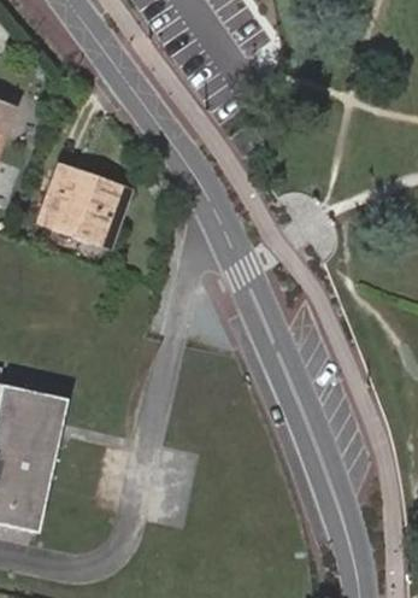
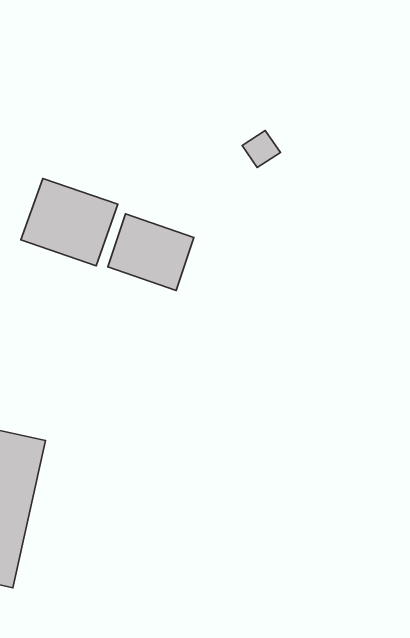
building: none -> [108,214,194,291]

